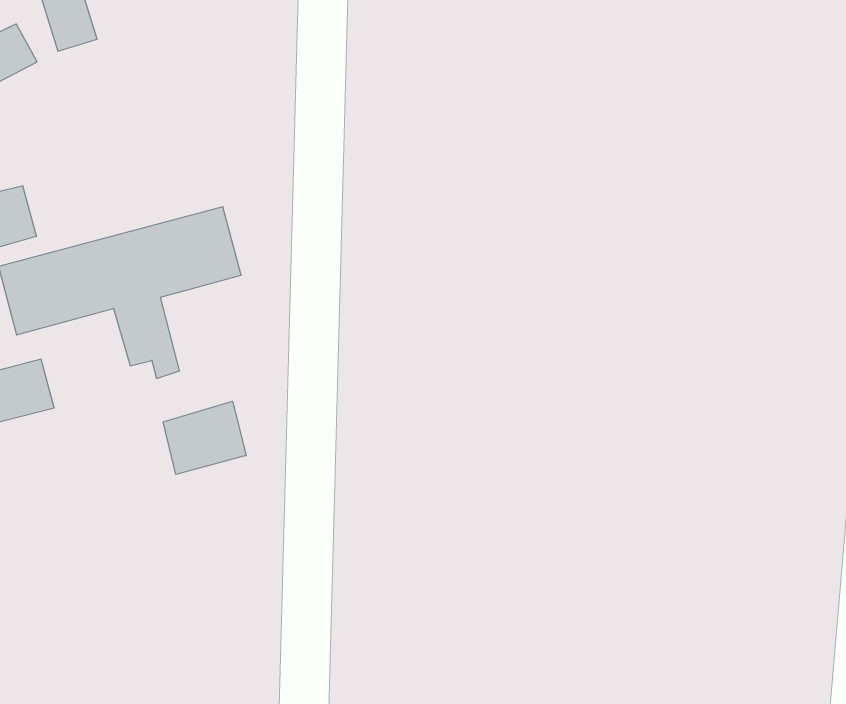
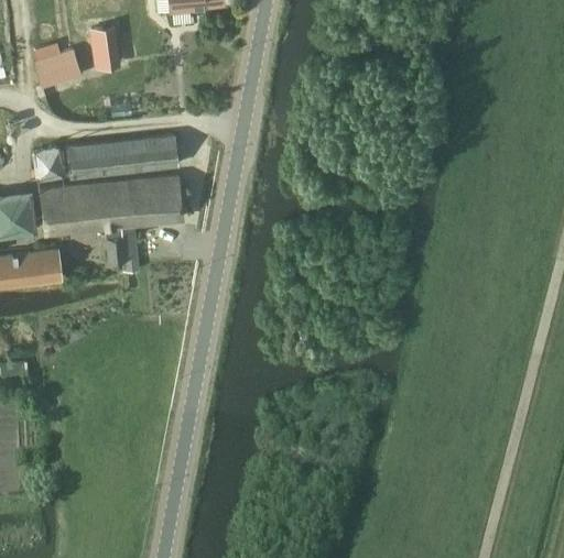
building: none -> [65,133,177,177]
building: [163,401,246,474] -> none

